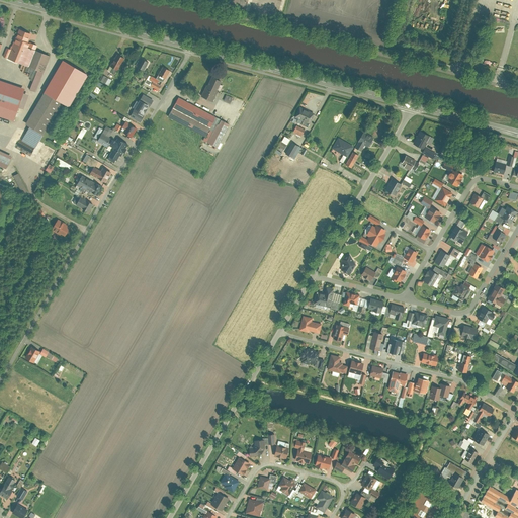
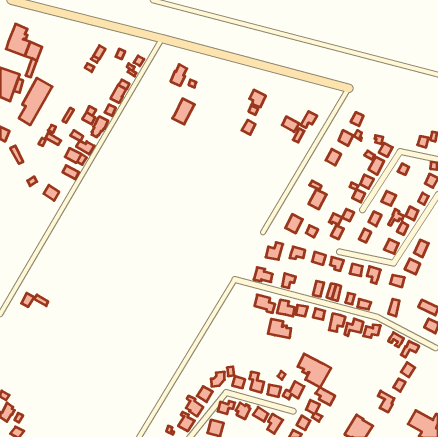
building: [44,61,87,107] -> none
building: [168,98,215,138] -> none
building: none -> [268,319,291,338]
building: none -> [298,354,331,388]

